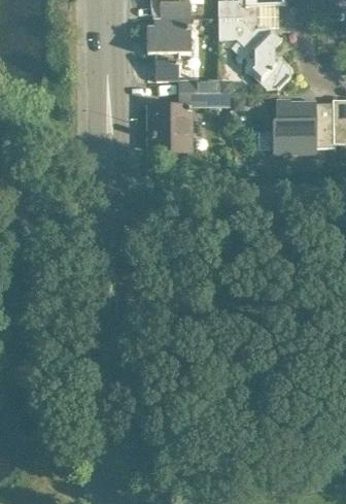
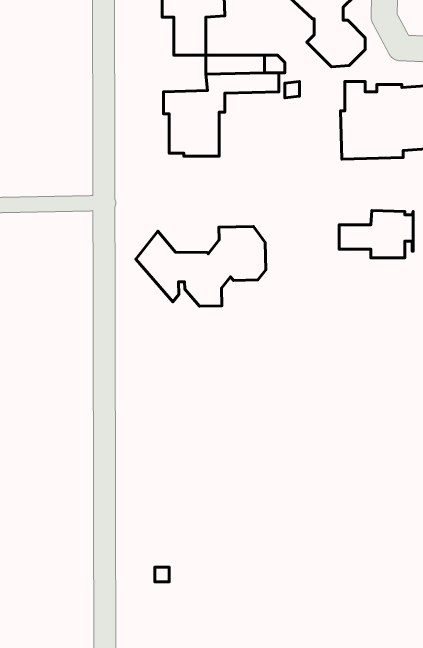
building: none -> [339,210,413,258]
building: none -> [136,226,266,306]

